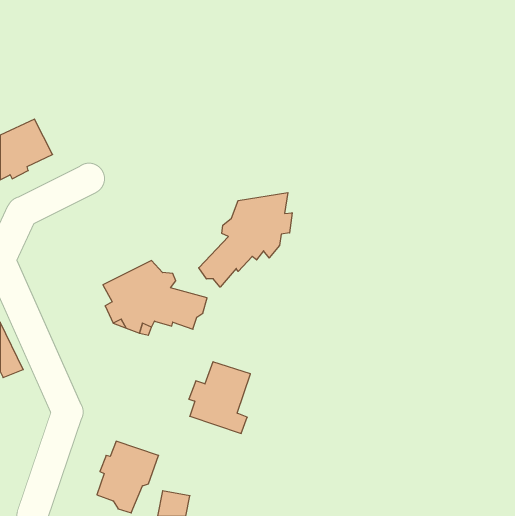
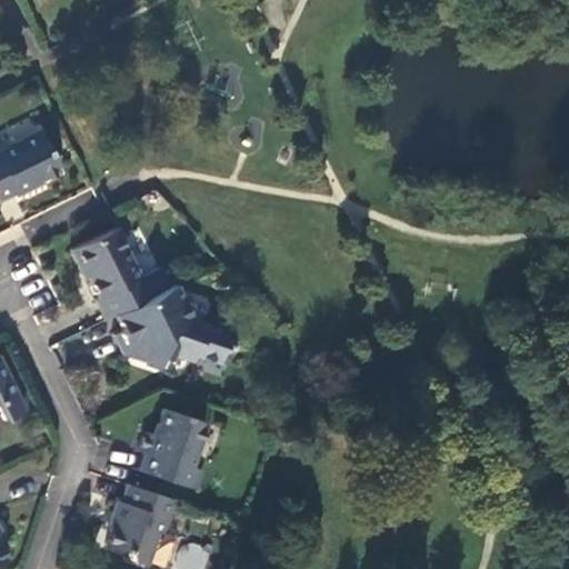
building: [199,193,292,287] -> none
building: none -> [74,228,168,317]
building: [189,362,250,433] -> [138,410,206,489]

